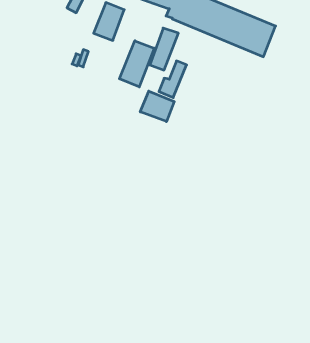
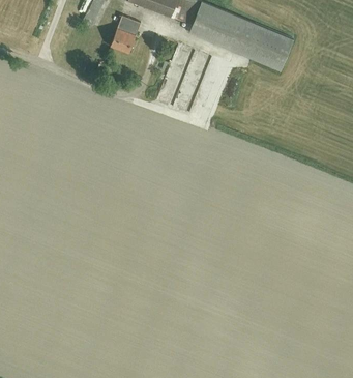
building: [119,41,154,87] -> none
building: [140,91,174,122] -> none

